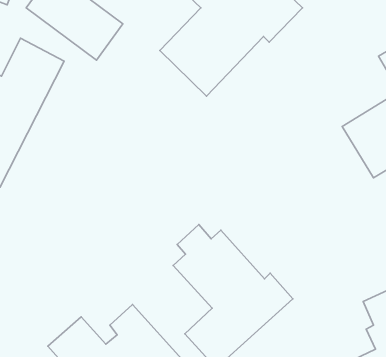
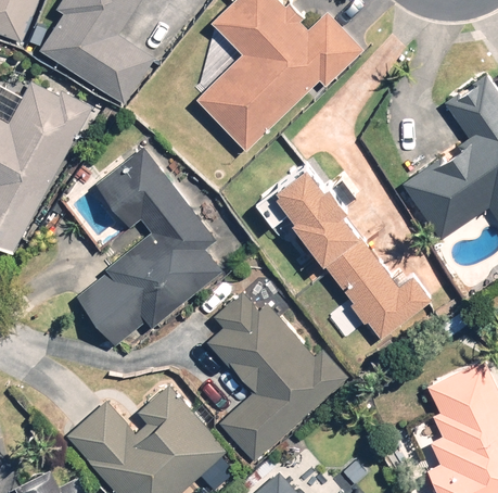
building: none -> [76,149,222,345]
building: none -> [279,165,431,340]

